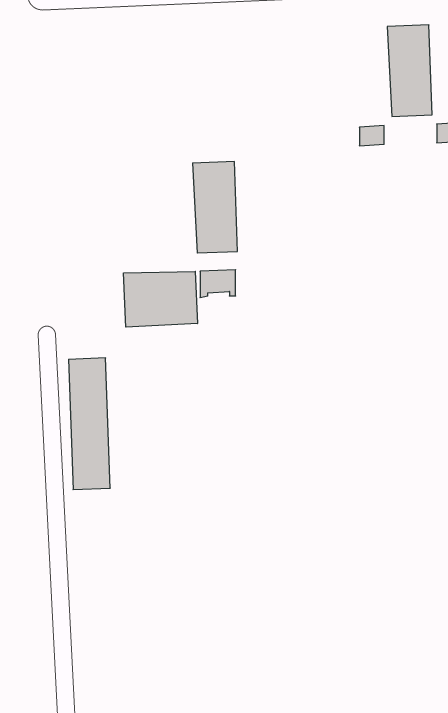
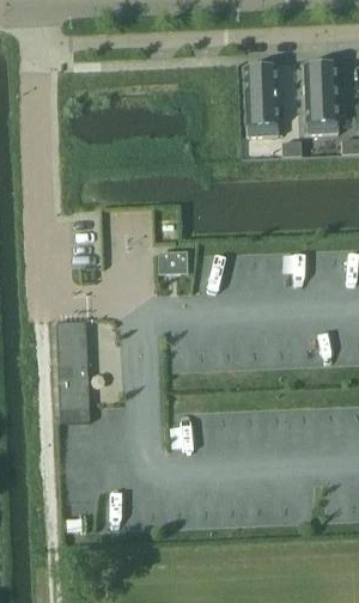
building: [193,162,237,253] -> [244,65,279,135]
building: [124,271,197,327] -> none

